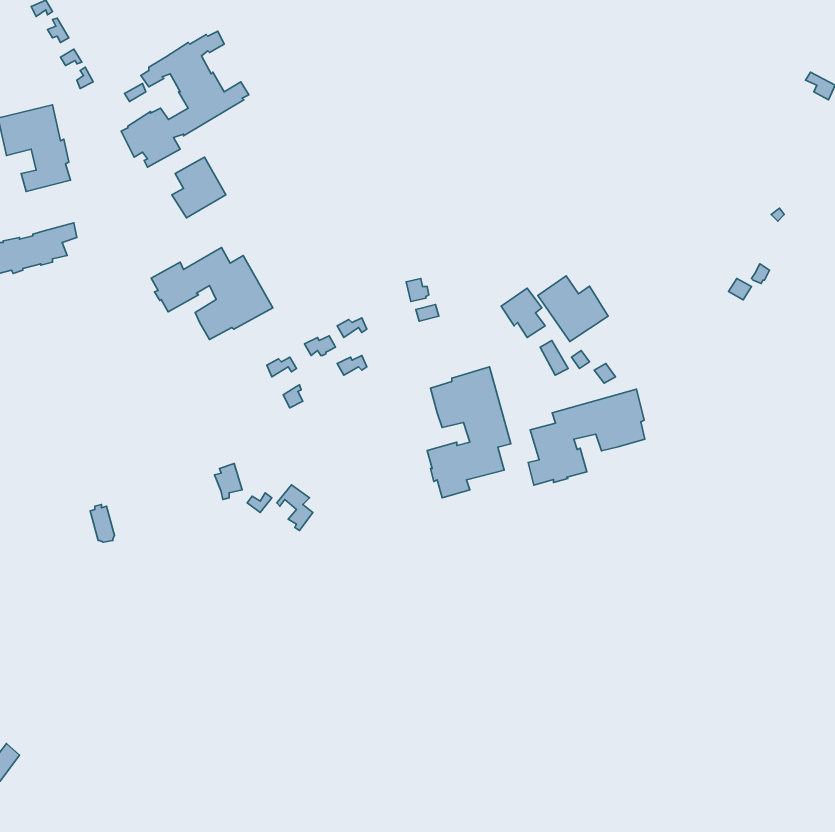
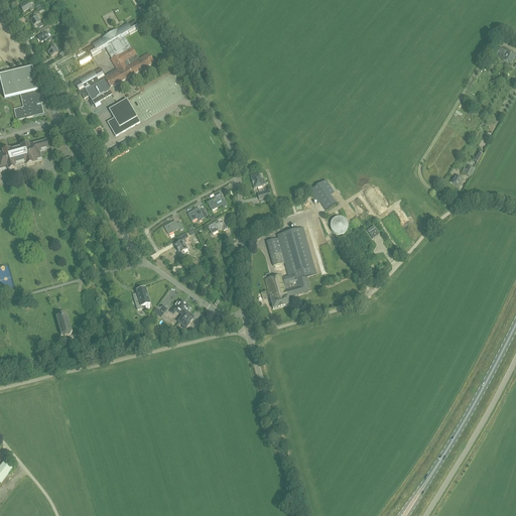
building: [151,247,273,340] -> none
building: [538,276,608,342] -> none
building: [528,389,645,485] -> none

